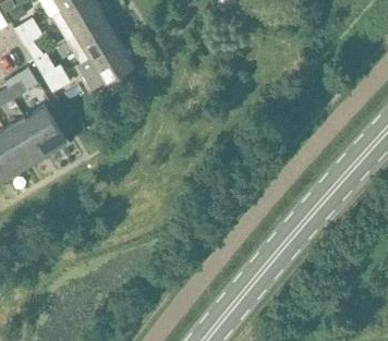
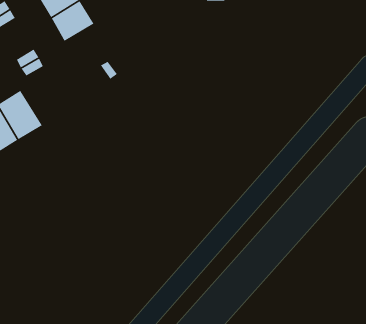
building: [76,41,132,89] -> none

